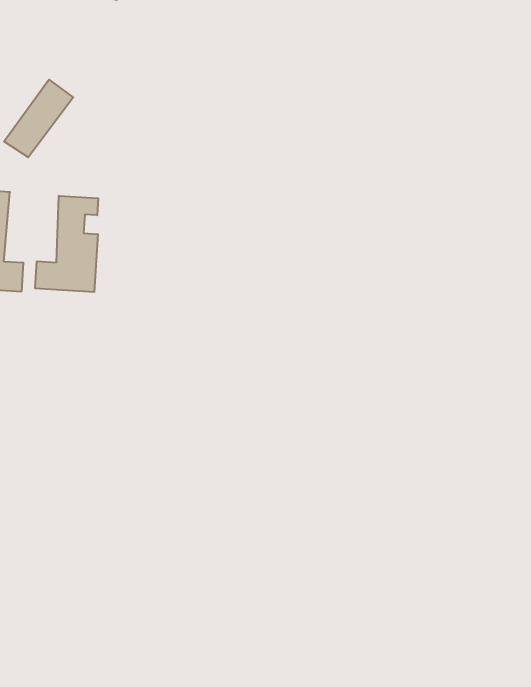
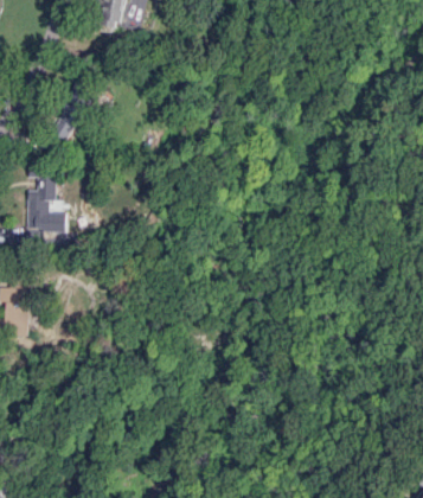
building: [35,196,98,292] -> none

